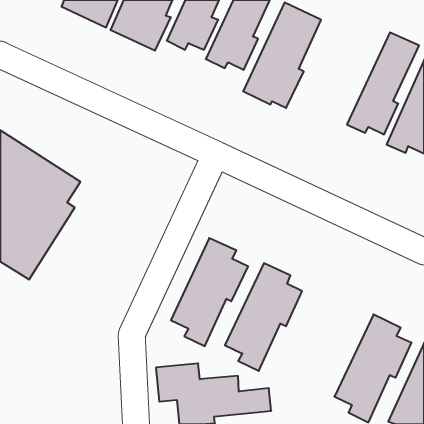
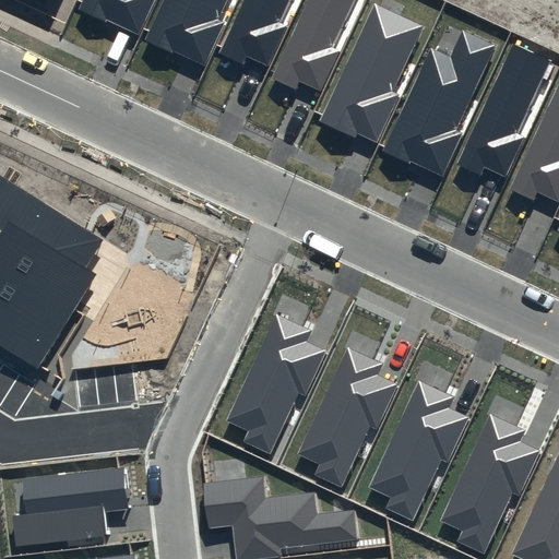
building: none -> [384,29,496,175]
building: none -> [368,380,469,522]
building: none -> [11,468,127,548]

